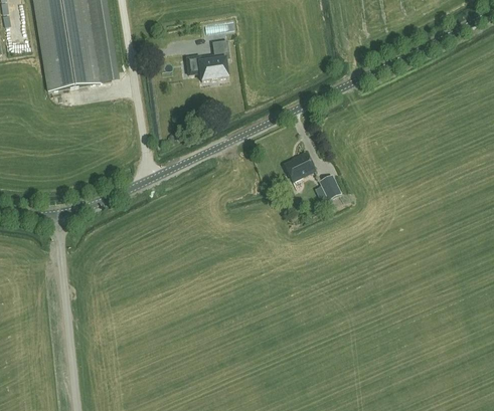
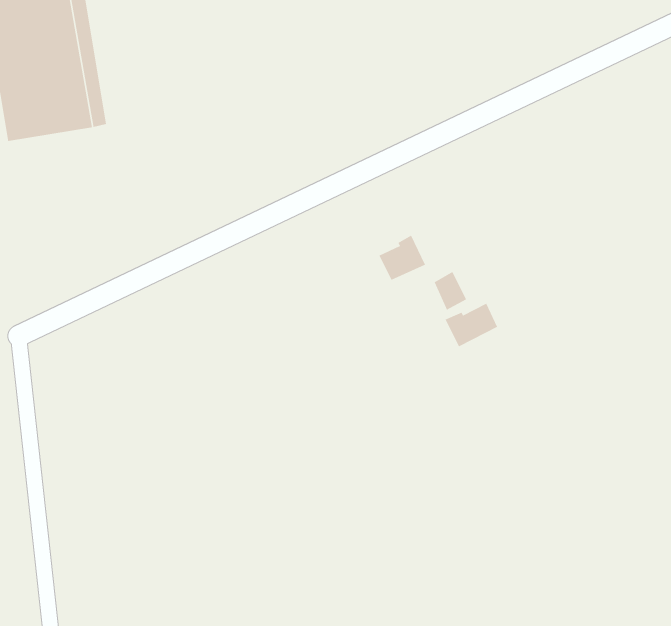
building: [186,39,222,81] -> none
building: none -> [445,303,498,347]

